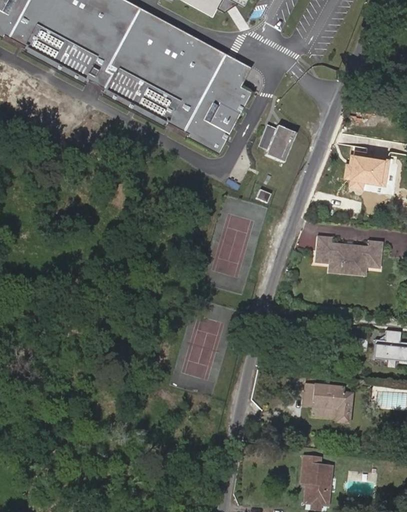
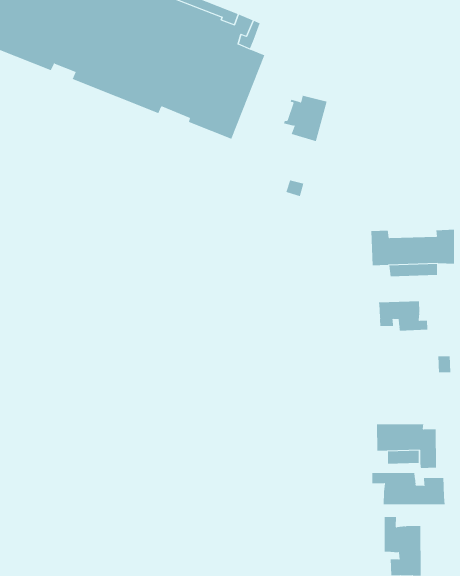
building: [345,152,390,188] -> none
building: none -> [379,301,428,331]
building: none -> [372,472,445,505]

